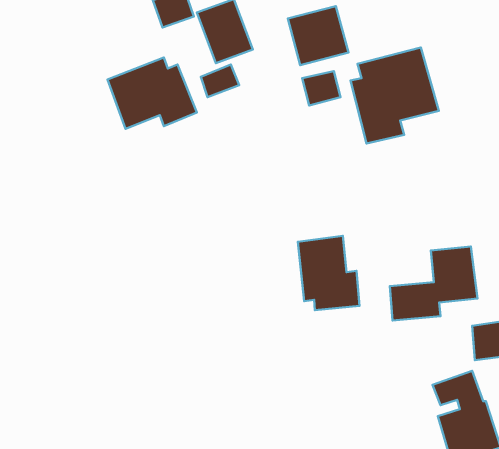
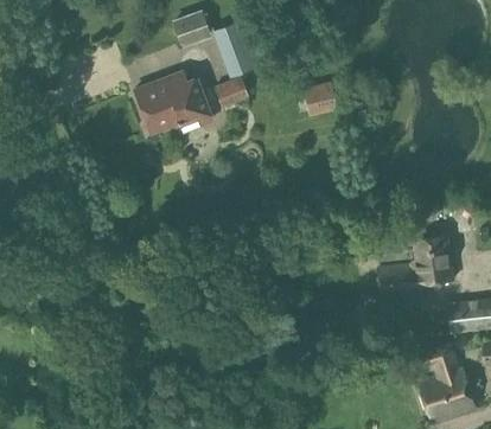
building: [288,6,348,65] -> none
building: [350,47,439,144] -> none
building: [298,236,359,310] -> none

